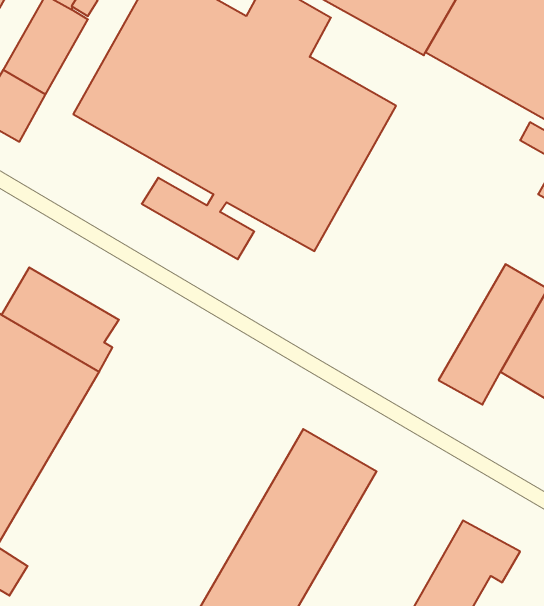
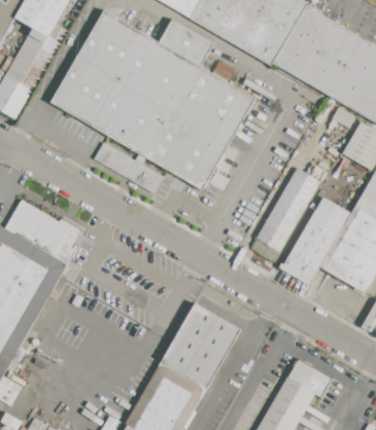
building: none -> [255,169,318,252]

